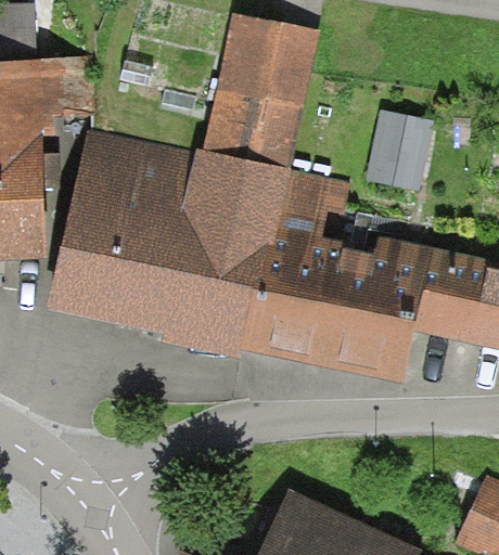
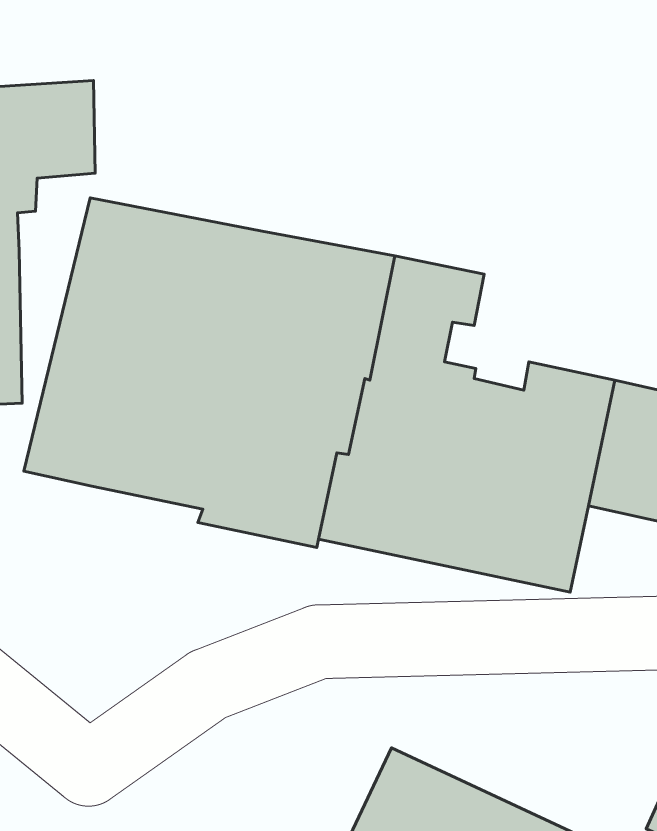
building: [203,12,319,168] -> none
building: [376,108,438,186] -> none

